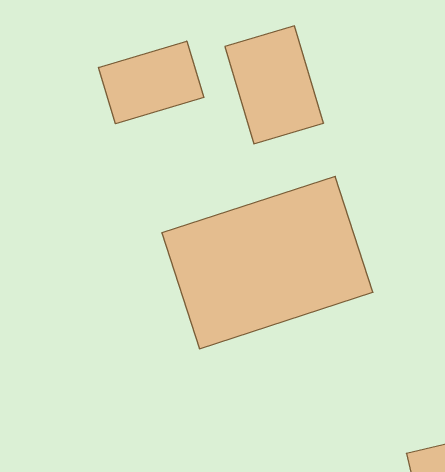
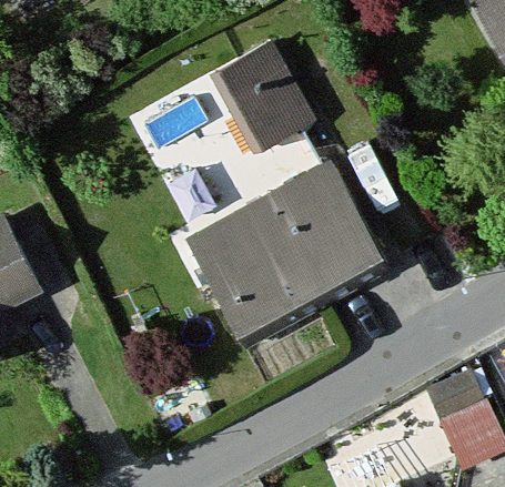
building: [99,41,204,124] -> none

